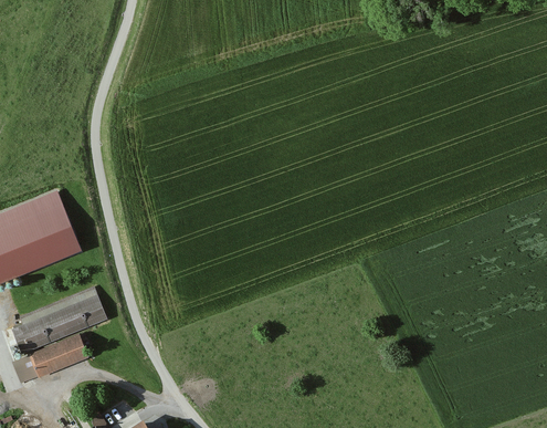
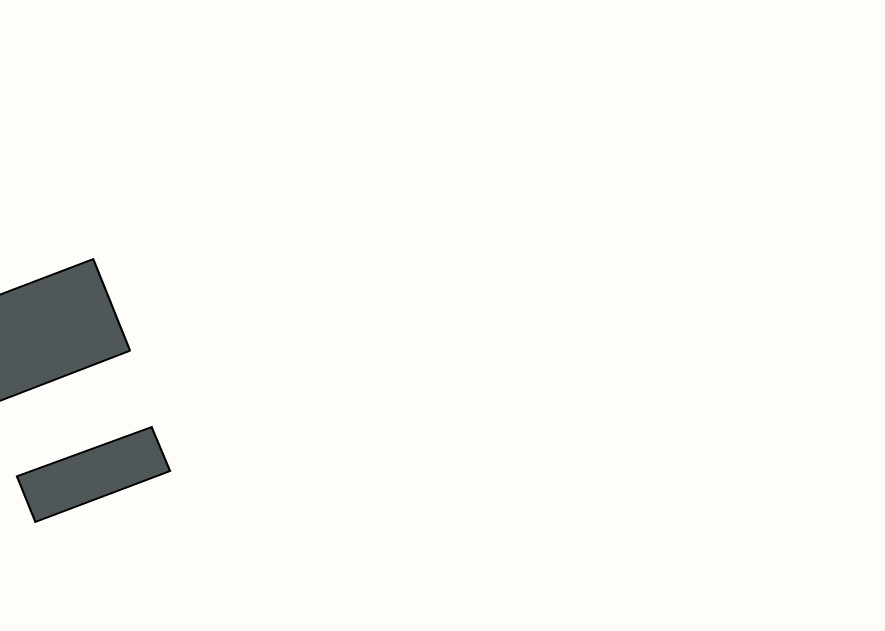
building: [9,336,87,385] -> none

